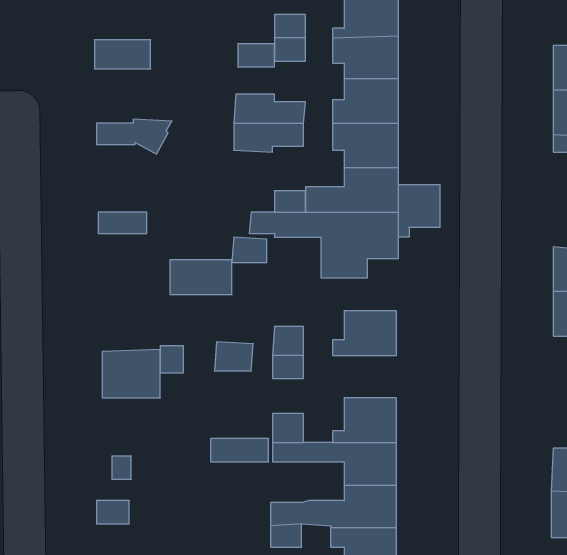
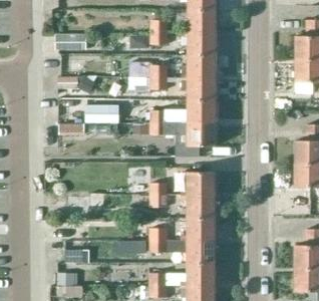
building: [398,184,440,237] -> none
building: [170,260,232,295] -> [87,104,119,122]
building: none -> [181,197,214,219]

